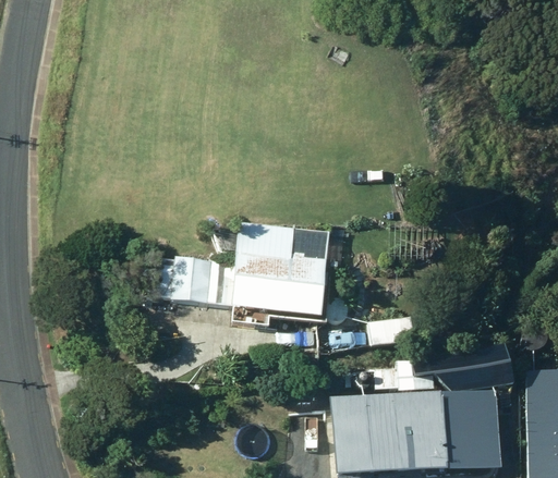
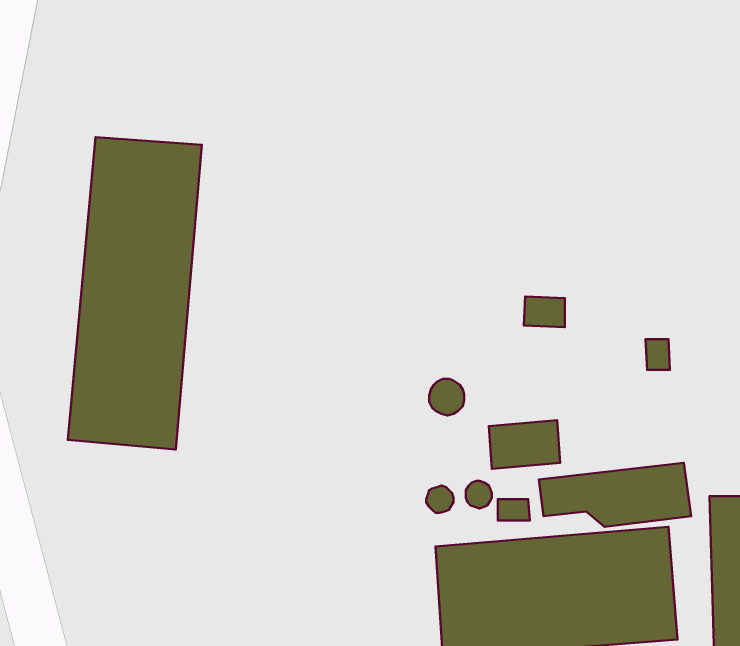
building: none -> [68,137,202,450]
building: [171,217,328,323] -> none

